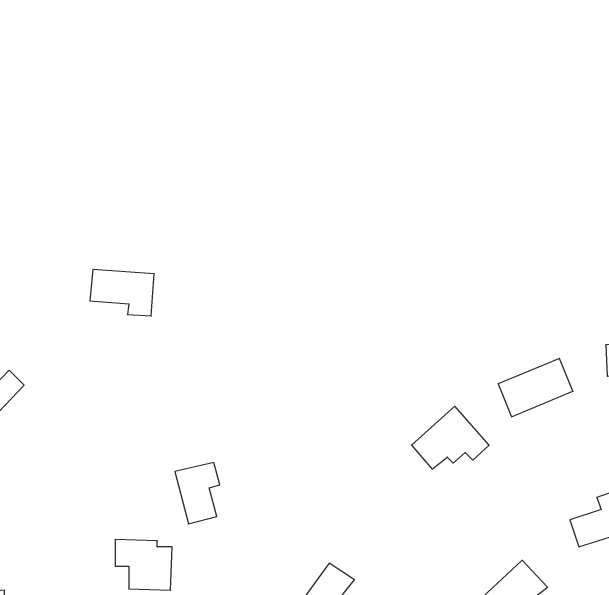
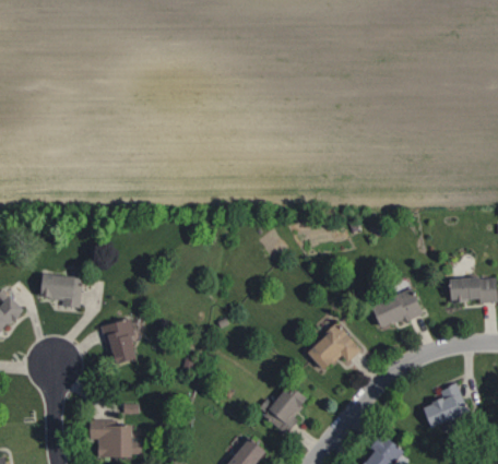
building: [90,269,154,316] -> [37,274,84,308]
building: [175,463,220,524] -> [104,319,137,364]
building: none -> [263,383,304,432]

